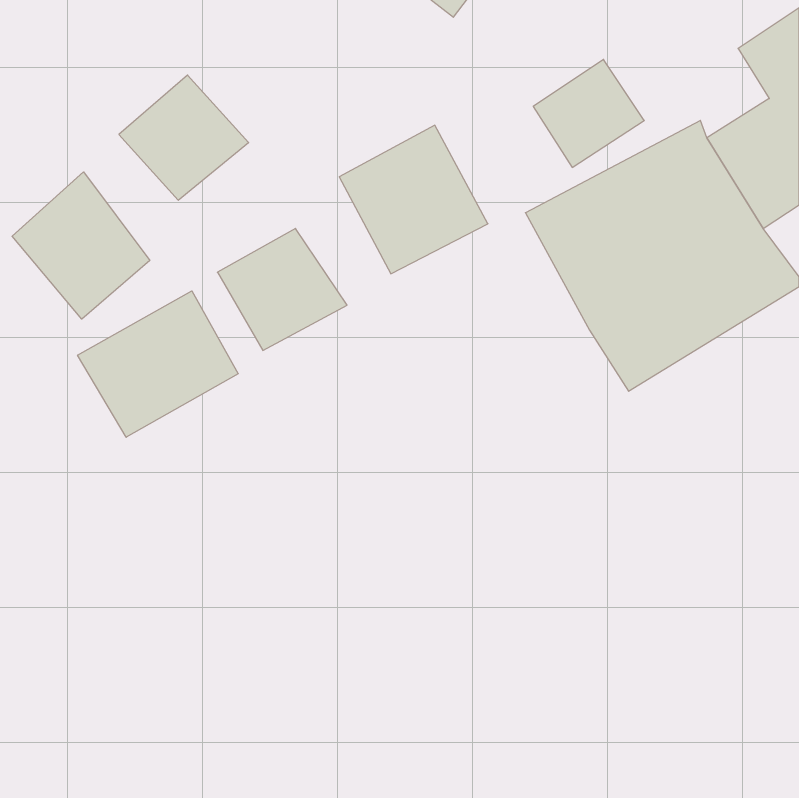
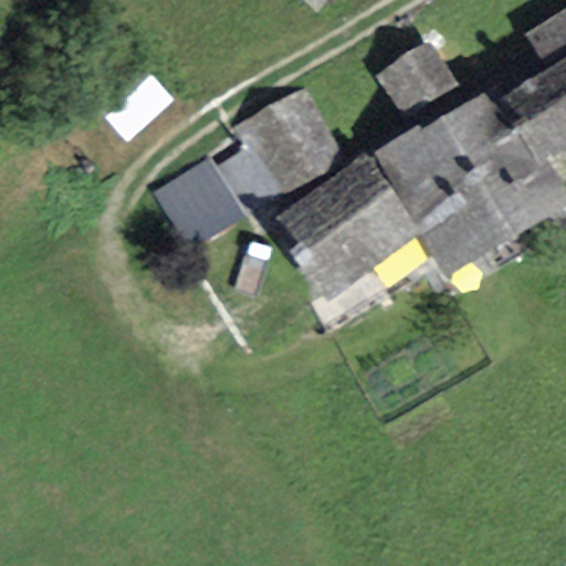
building: [12,172,150,319] -> none
building: none -> [268,150,417,302]
building: [78,291,238,437] -> none

